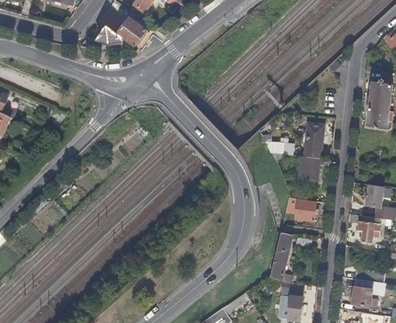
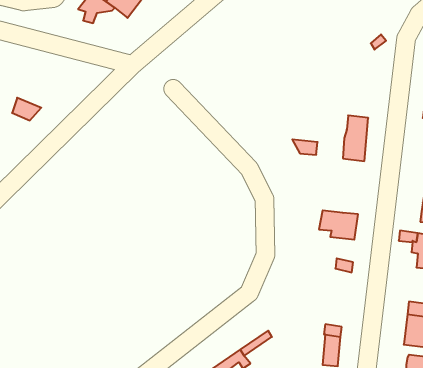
building: [298,156,330,179] -> none
building: [268,232,291,282] -> none

